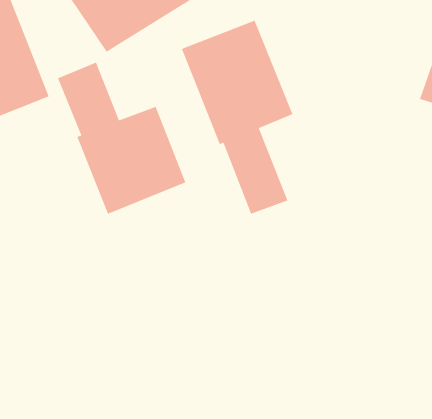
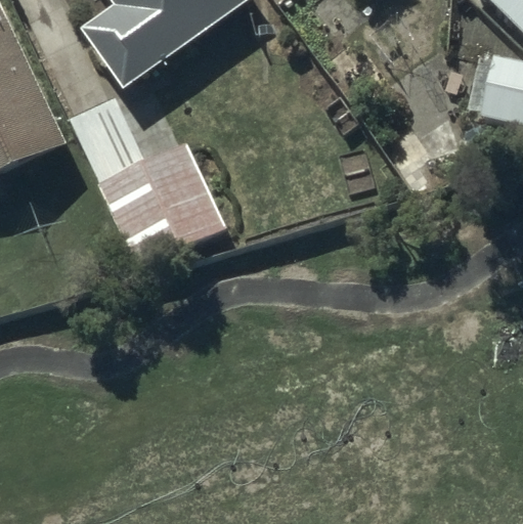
building: [181,20,293,215] -> none

